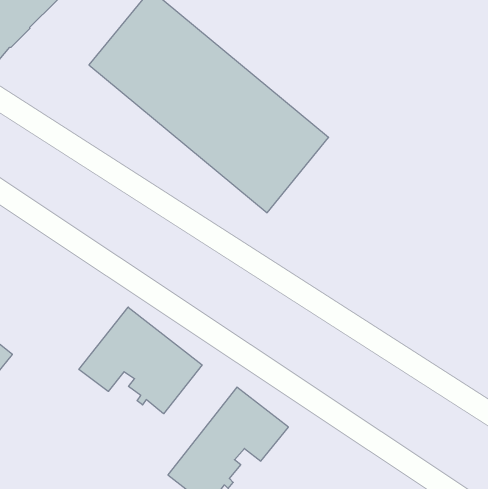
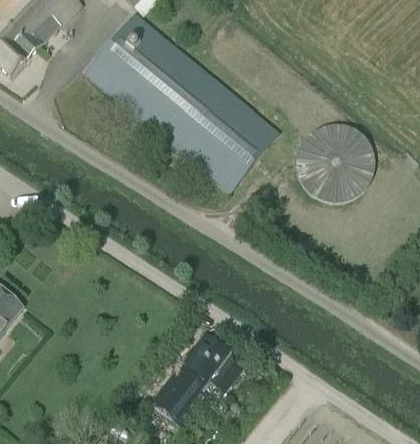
building: none -> [295,124,374,202]
building: [79,307,202,414] -> none

